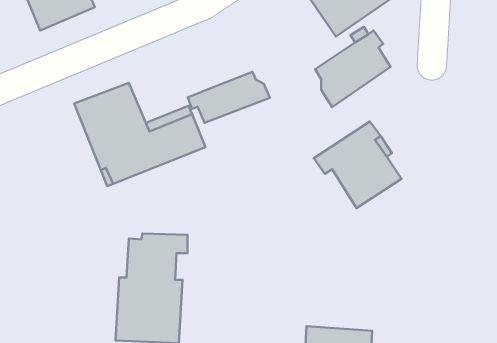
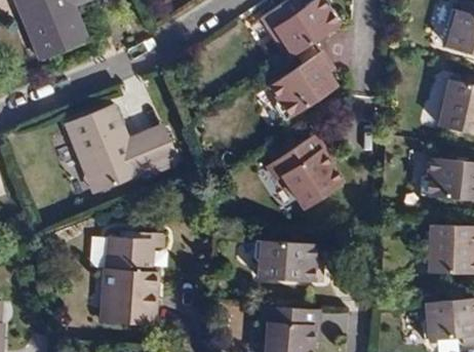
building: [188,72,270,123] -> none
building: none -> [255,241,321,284]

